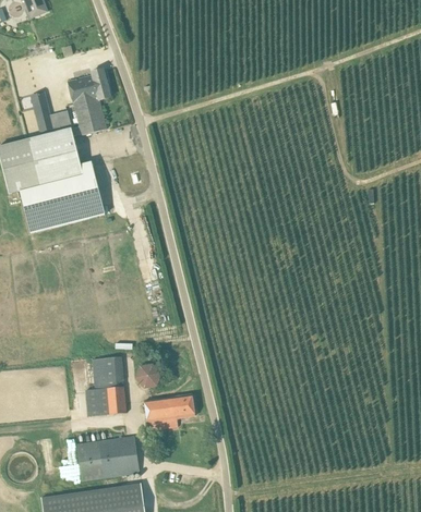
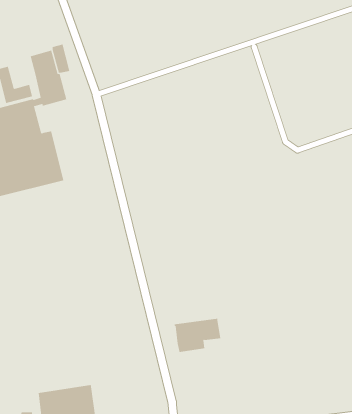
building: [85,357,128,416] -> none
building: [135,363,163,389] -> none
building: [144,394,195,431] -> [174,318,221,352]

